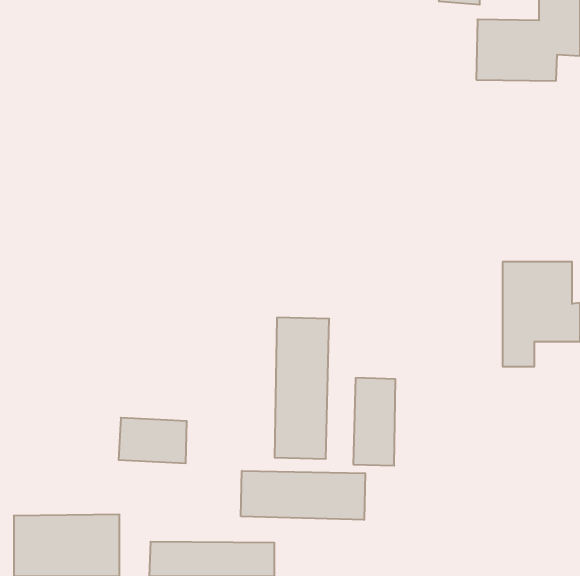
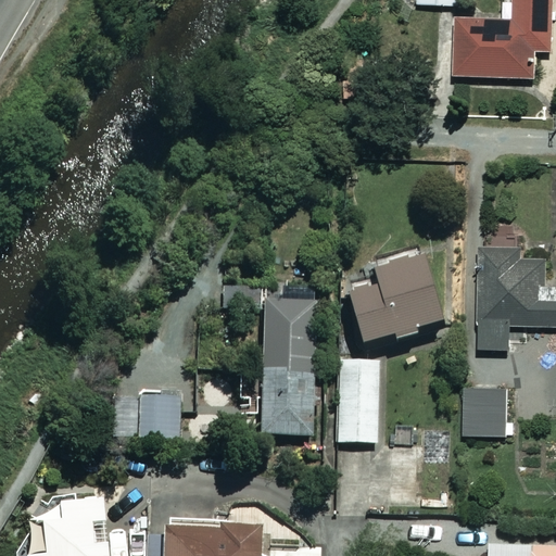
building: none -> [350,263,443,352]
building: none -> [465,389,505,437]
building: [241,471,365,520] -> none

